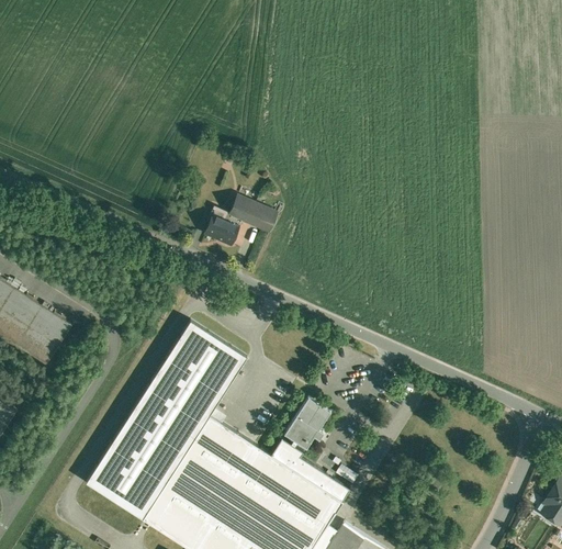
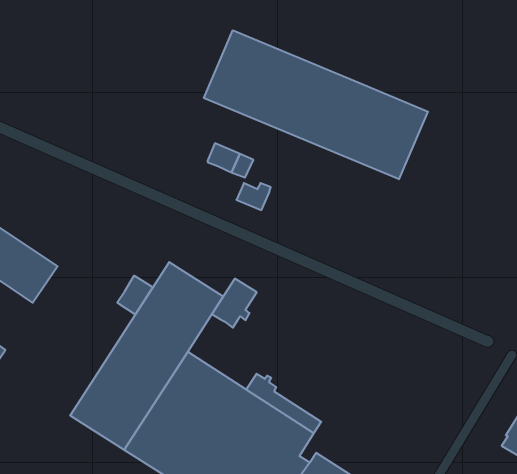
building: none -> [204,30,428,179]
building: [204,216,240,245] -> [236,183,271,210]
building: none -> [117,276,153,315]
building: [283,399,330,450] -> [212,279,257,328]

